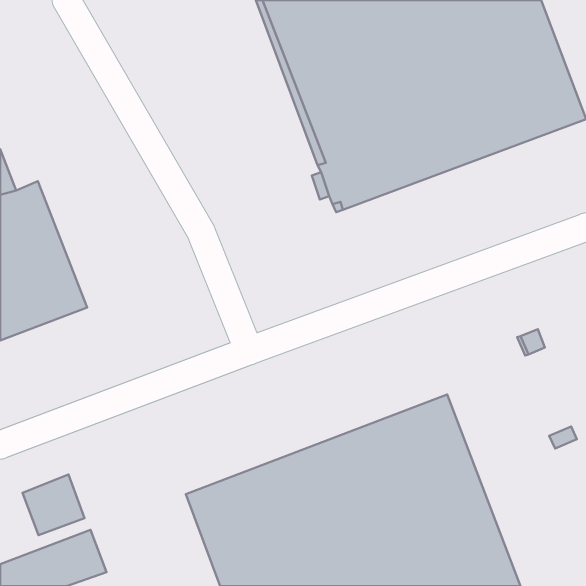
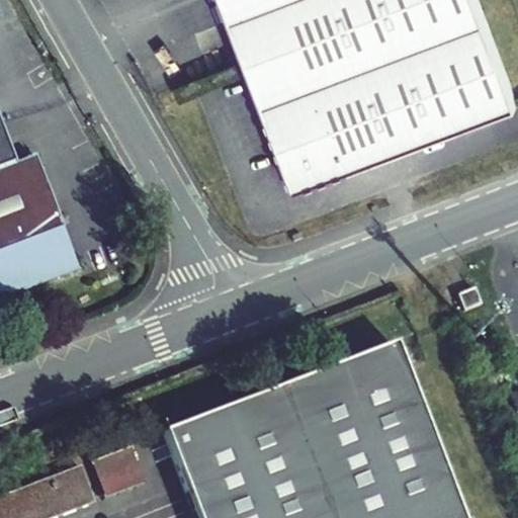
building: [23,475,85,535] -> [90,447,145,501]

